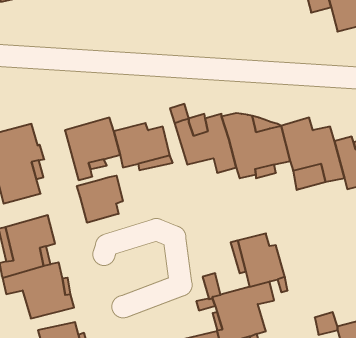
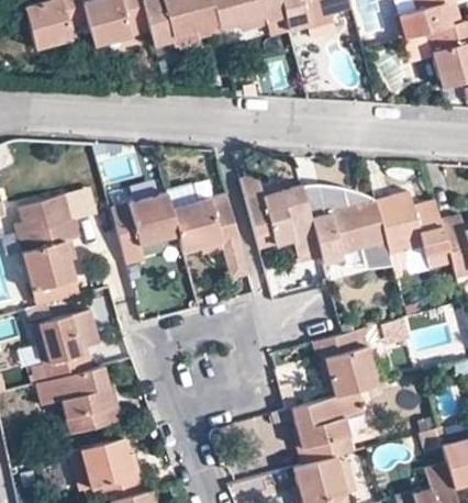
building: [77,176,123,223] -> none

